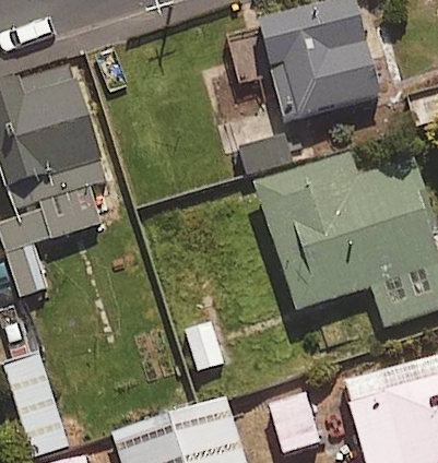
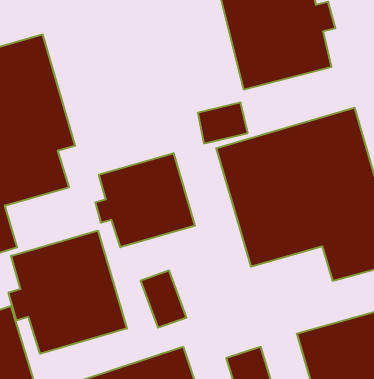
building: none -> [96,153,195,247]
building: none -> [9,231,127,354]

